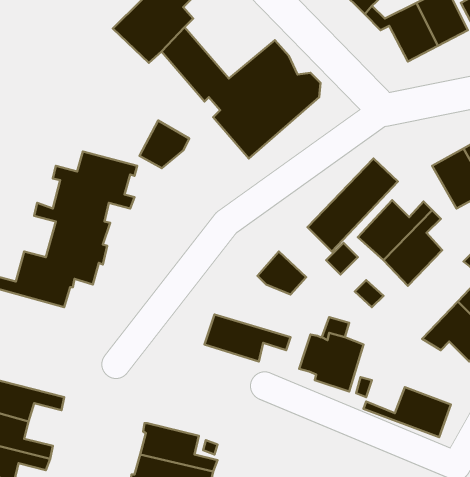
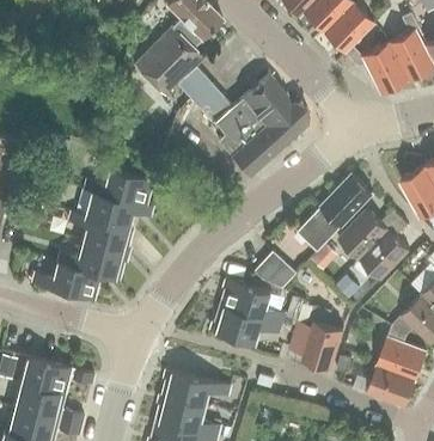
building: [139,121,189,168] -> none
building: none -> [219,278,285,323]
building: none -> [378,324,427,379]
building: none -> [163,369,231,405]

